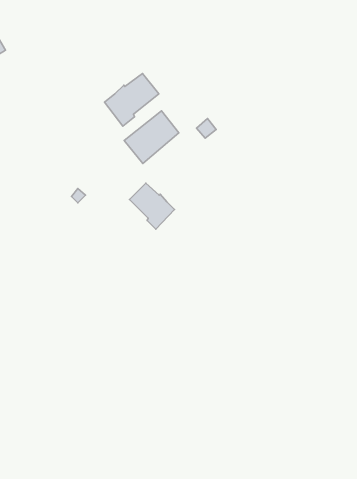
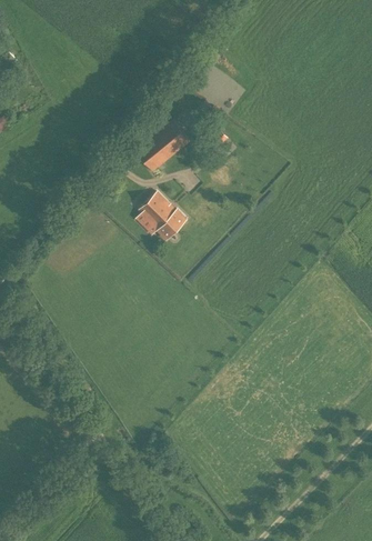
building: [104,74,159,126] -> none

